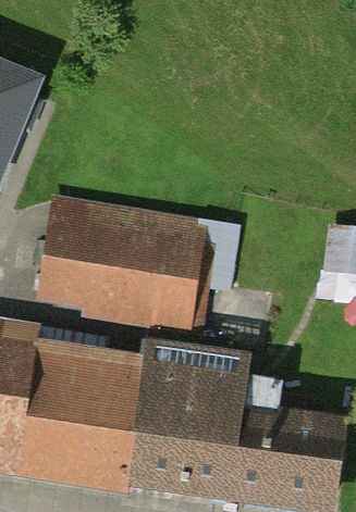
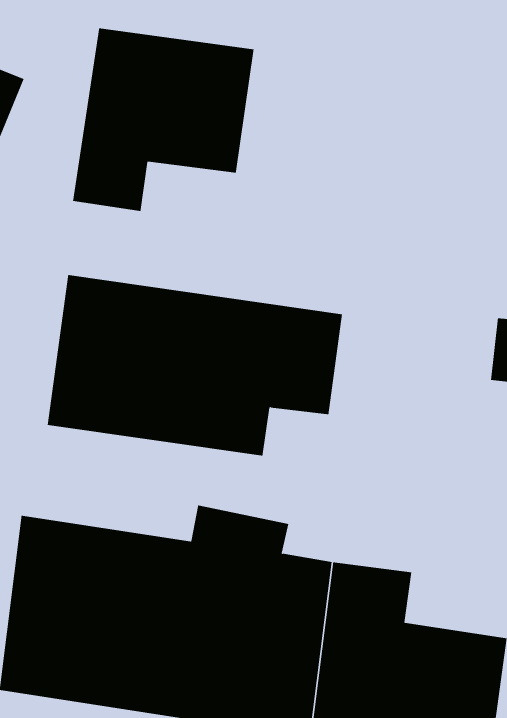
building: none -> [72,28,254,212]

